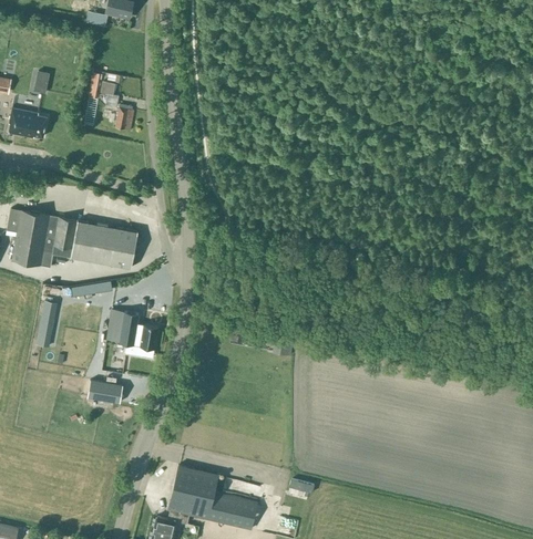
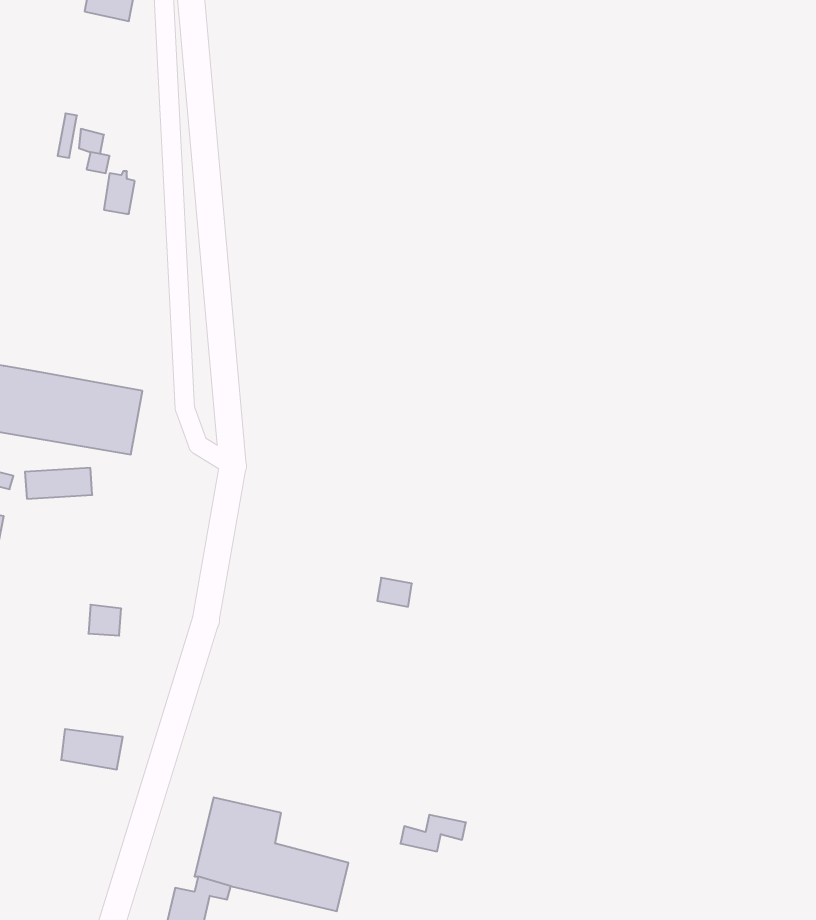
building: [106,310,158,350] -> none
building: [88,381,123,404] -> [61,729,123,769]

